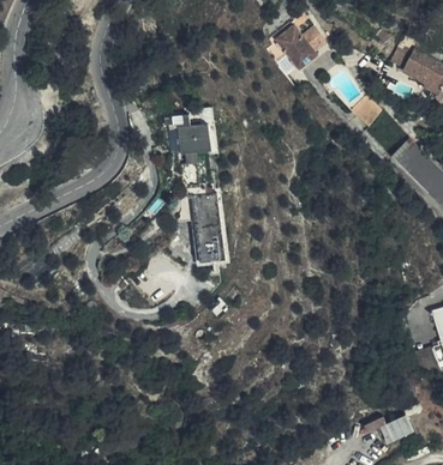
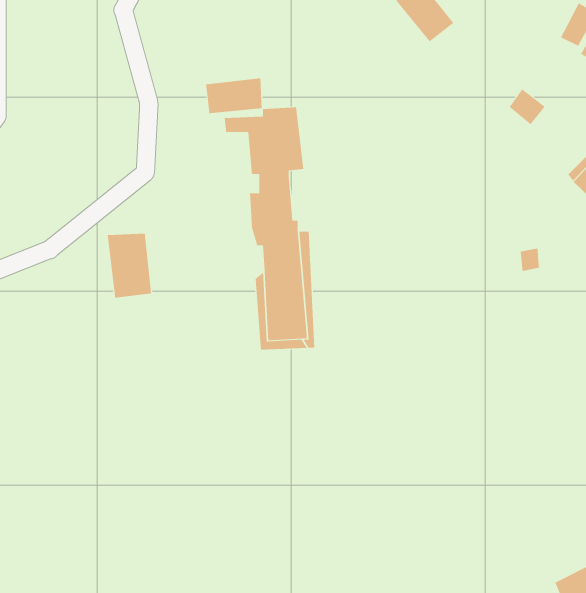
building: none -> [206,77,262,115]
building: none -> [107,233,153,298]

